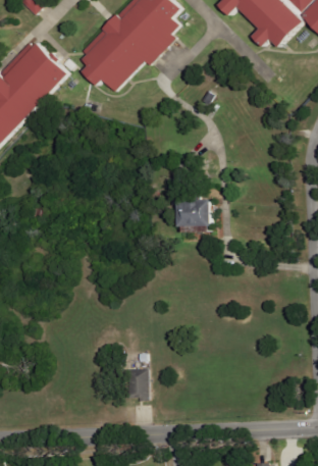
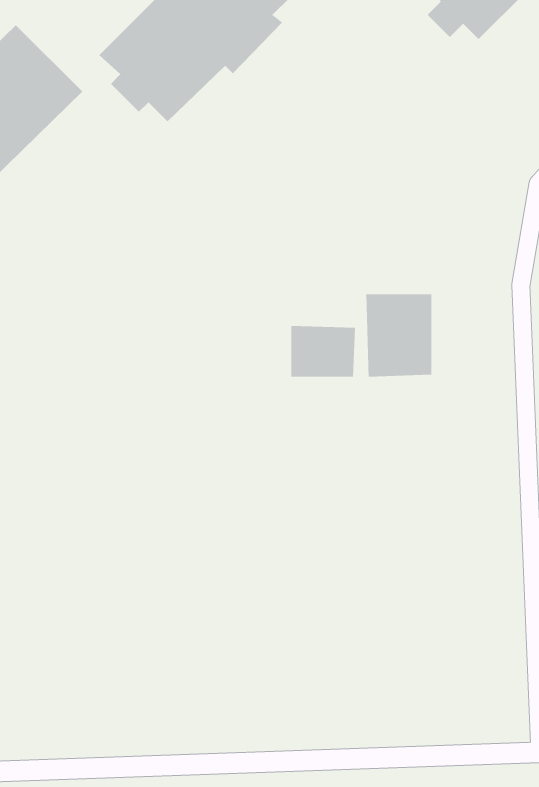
building: none -> [366,293,432,378]
building: [125,368,147,399] -> none

